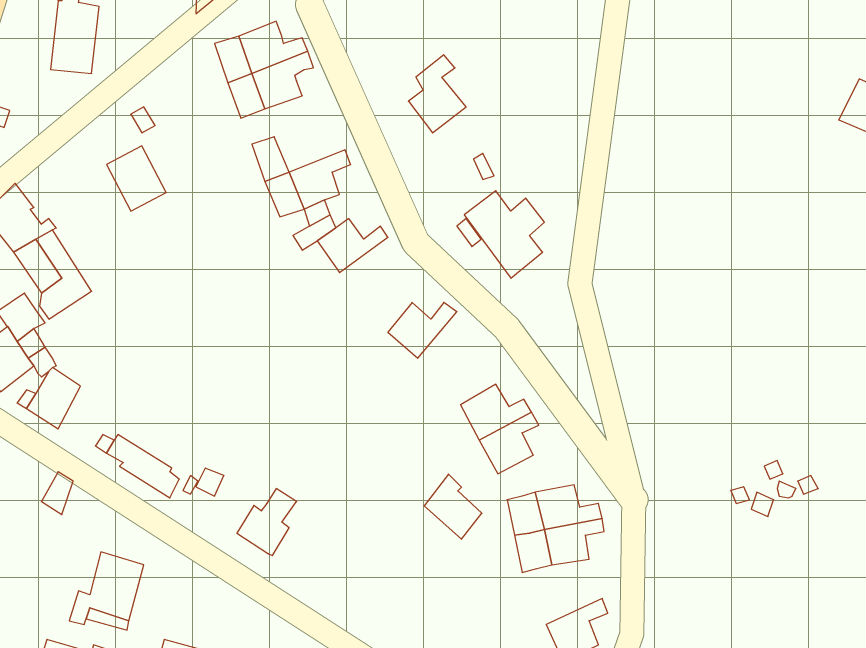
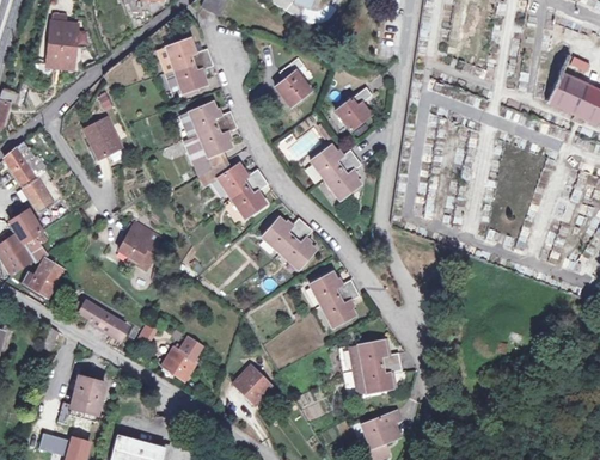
building: none -> [336,88,373,133]
building: none -> [189,102,234,134]
building: none -> [231,176,268,219]
building: none -> [120,222,164,268]
building: none -> [281,223,316,269]
building: [424,474,482,539] -> [235,364,273,406]

